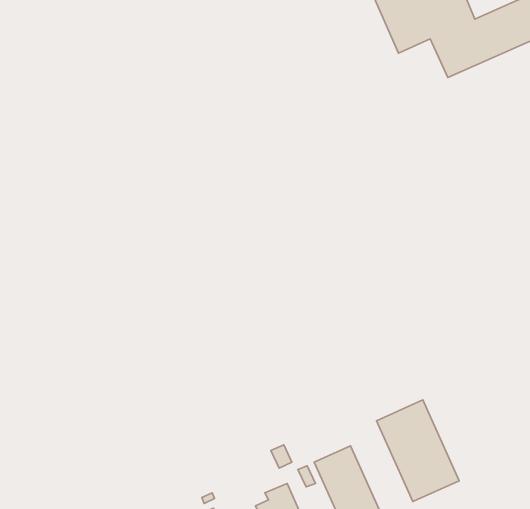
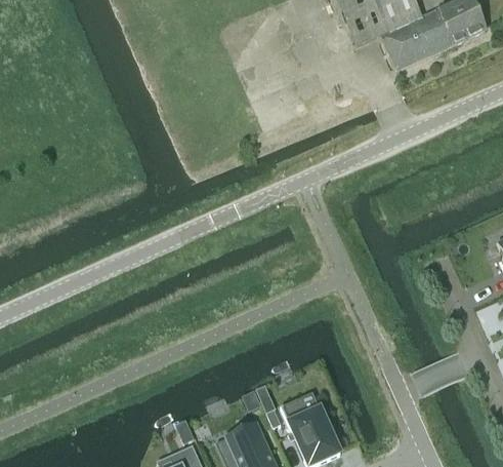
building: [377,400,459,502] -> none

